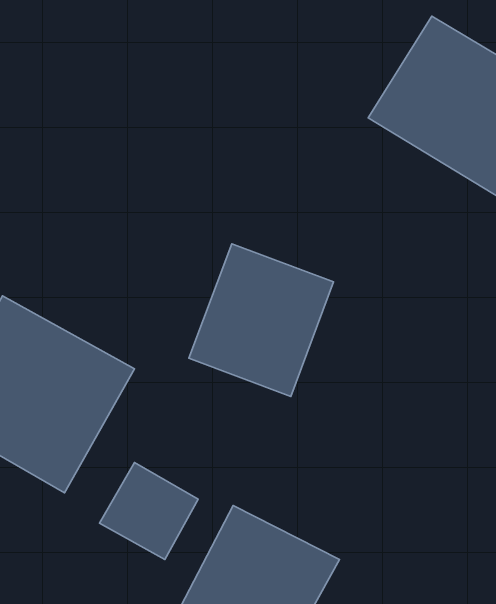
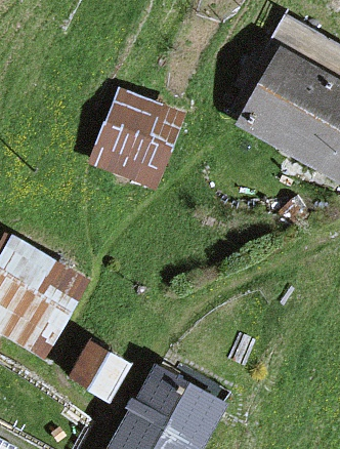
building: [189,244,334,396] -> [91,88,184,187]

